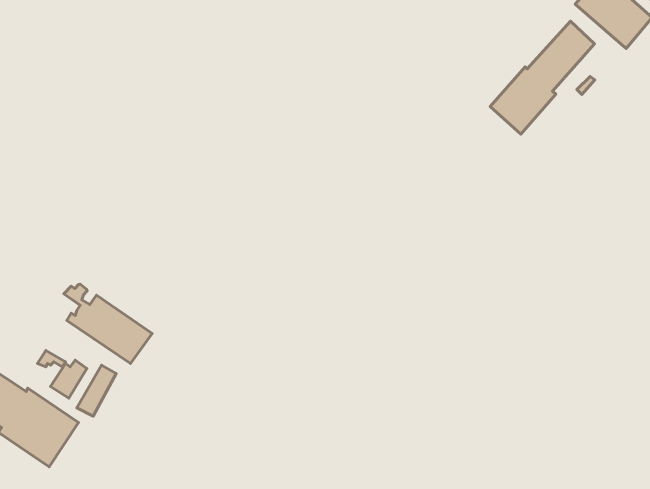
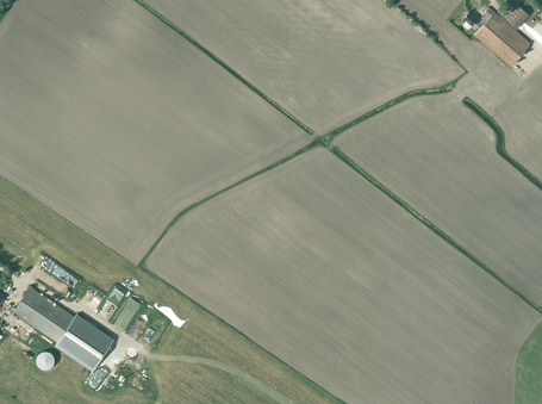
building: [490,21,595,134] -> none
building: [64,284,152,364] -> none

